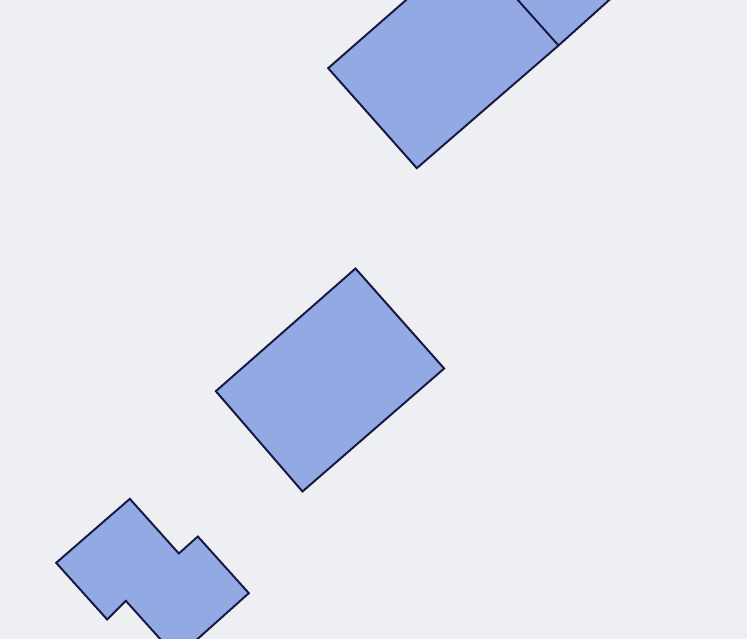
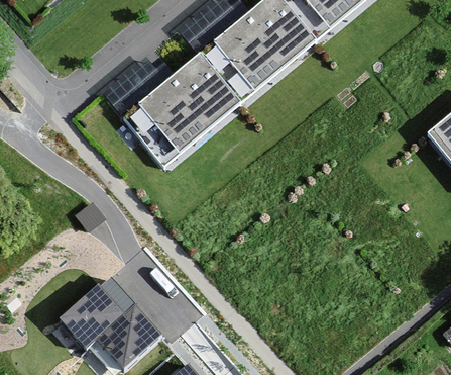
building: [216,269,444,491] -> [126,53,248,172]

